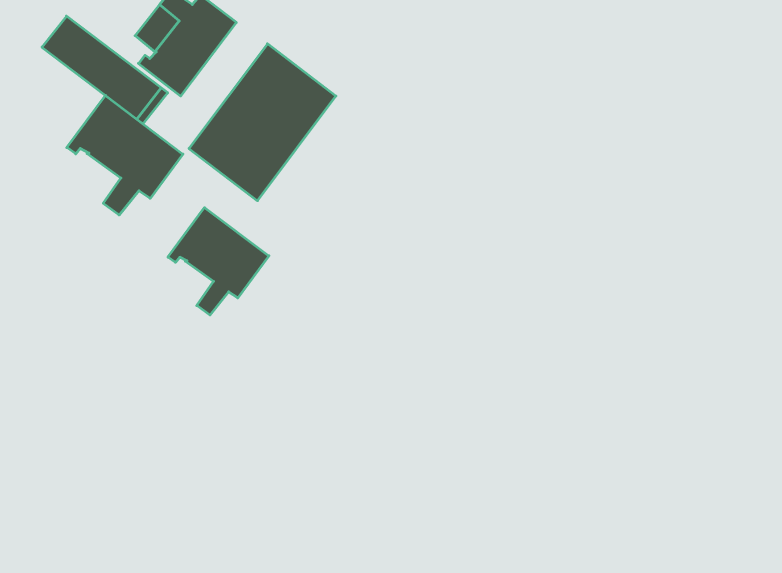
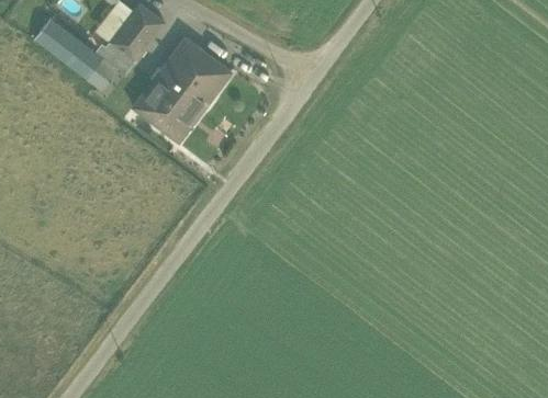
building: [67,95,183,215] -> none
building: [168,208,269,315] -> none

